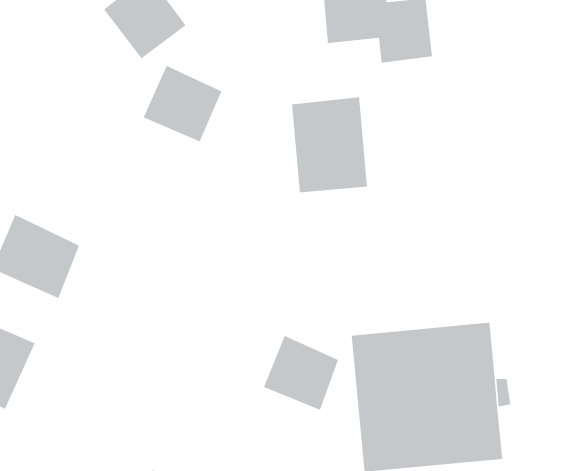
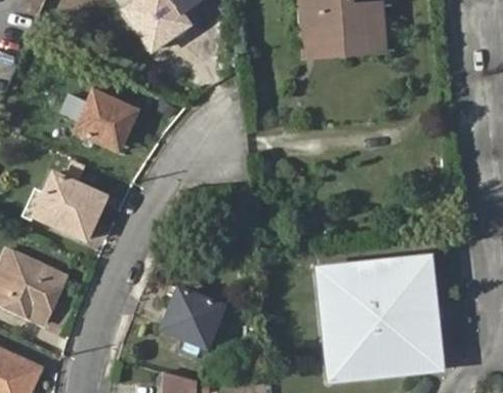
building: [143,65,222,142] -> [77,90,139,151]
building: [291,96,367,193] -> none
building: [263,335,339,411] -> [163,285,222,345]

